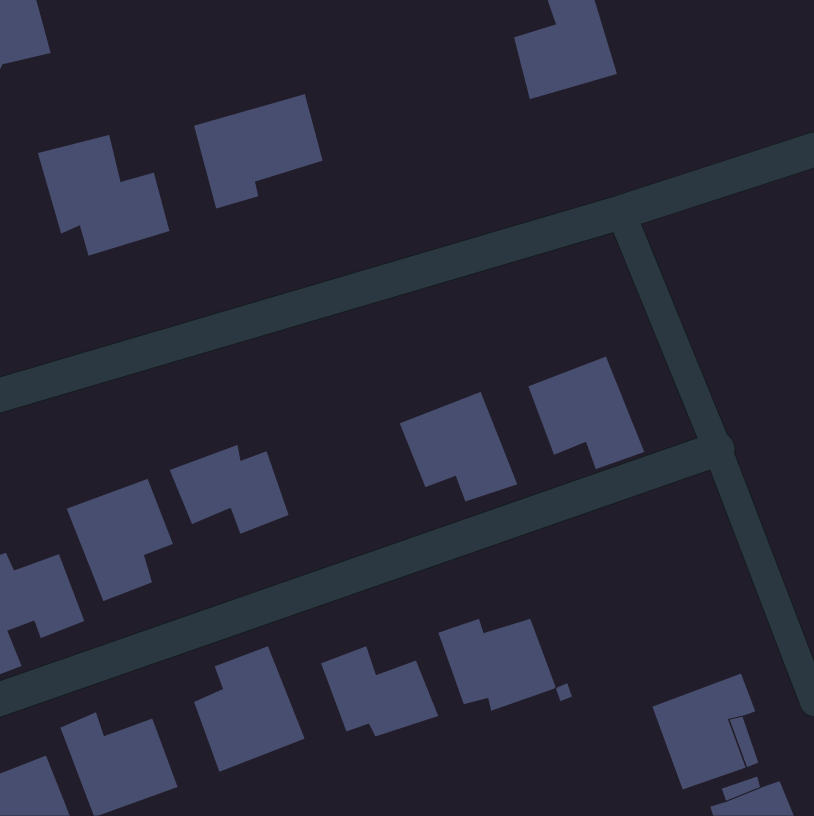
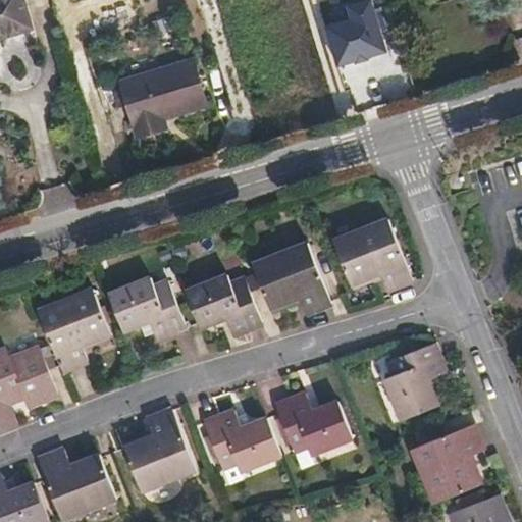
building: [37,134,170,257] -> none
building: none -> [184,276,261,333]
building: none -> [375,343,442,418]

